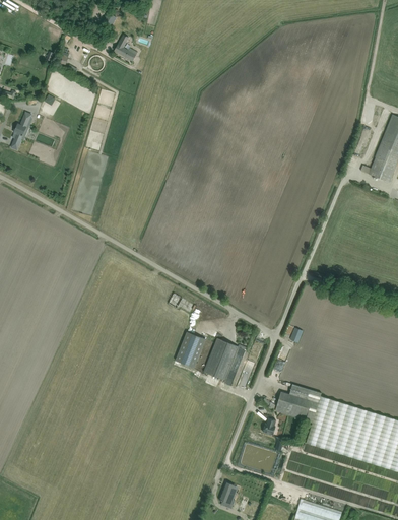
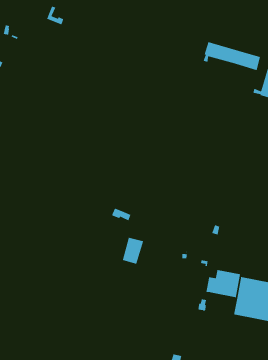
building: none -> [202,41,261,71]
building: [204,338,239,380] -> none

